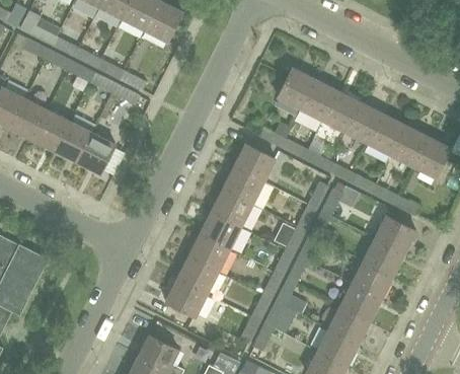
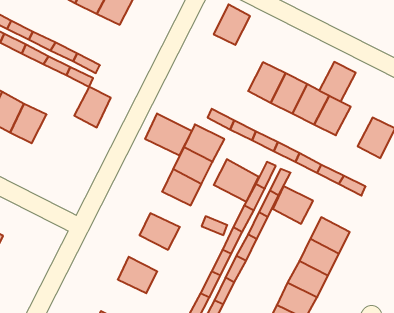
building: [277,67,314,108] -> [214,4,250,45]
building: [389,125,427,165] -> [319,62,356,101]
building: none -> [145,113,192,156]
building: [77,133,114,174] -> [74,87,111,127]
building: none -> [214,159,259,202]
building: [199,212,240,248] -> none
building: [374,215,415,253] -> [273,186,313,224]
building: [176,256,217,294] -> none

